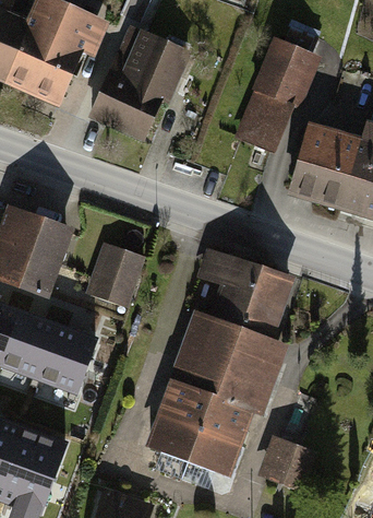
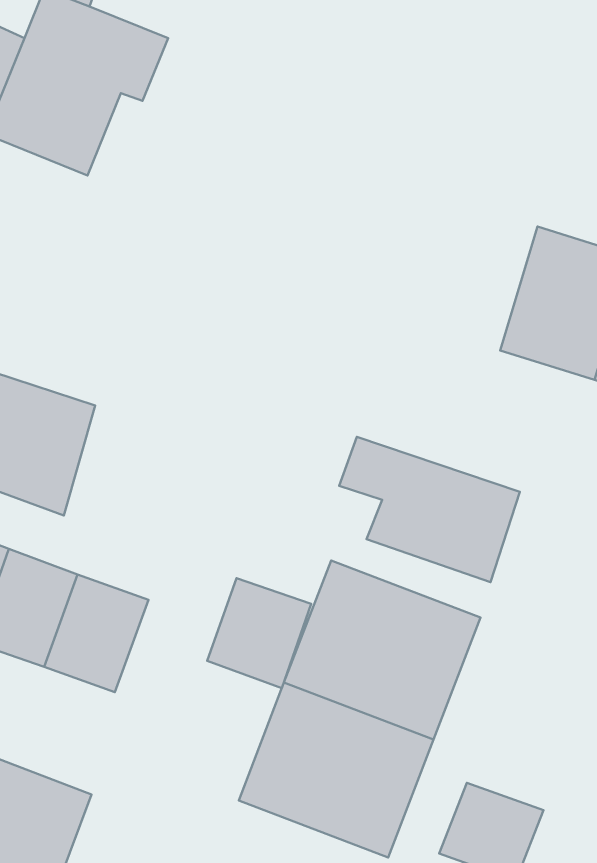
building: [92,25,188,139] -> none
building: [238,34,327,153] -> none
building: [87,238,145,299] -> [207,578,311,688]

